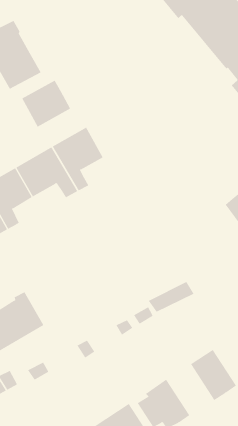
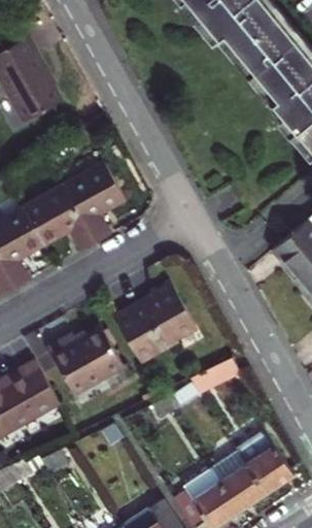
building: [22,80,71,127] -> none
building: none -> [111,279,194,362]
building: none -> [46,324,122,395]
building: none -> [206,452,264,514]

